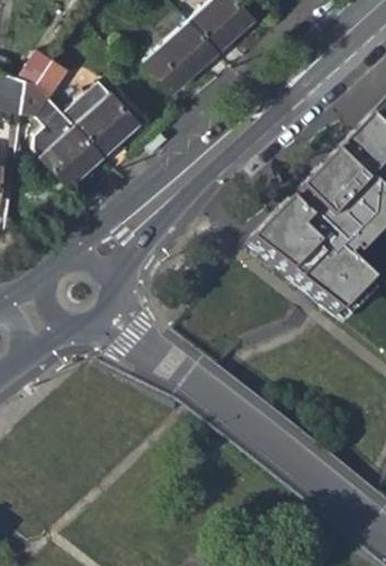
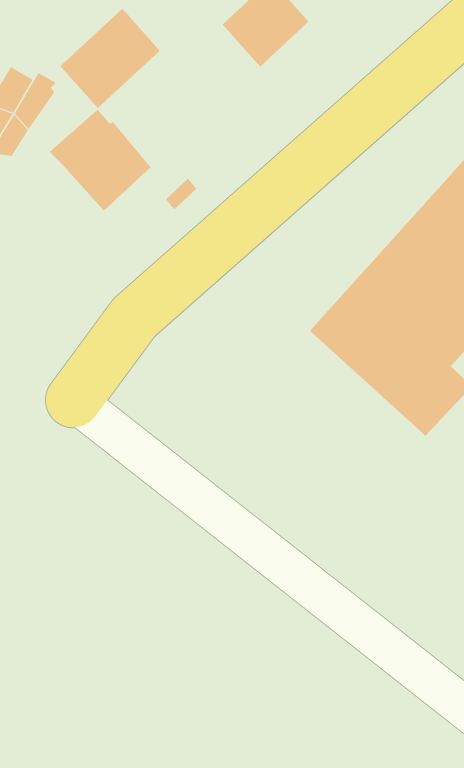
building: [146,20,219,93] -> [60,8,161,109]
building: [36,122,106,187] -> none

